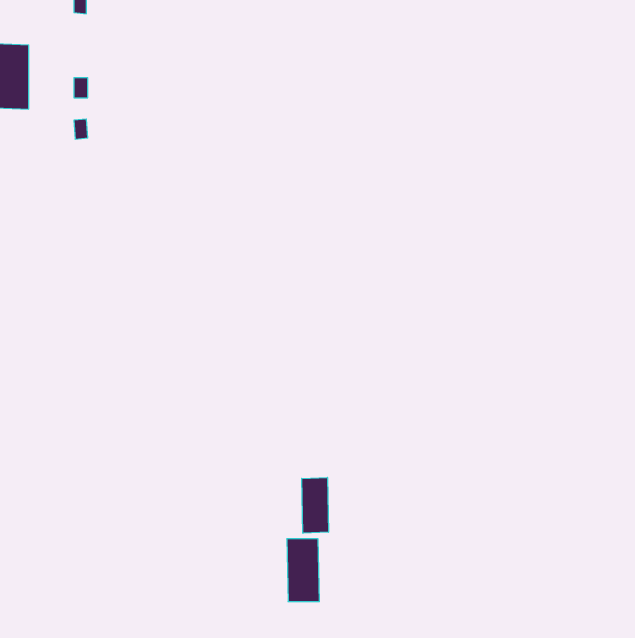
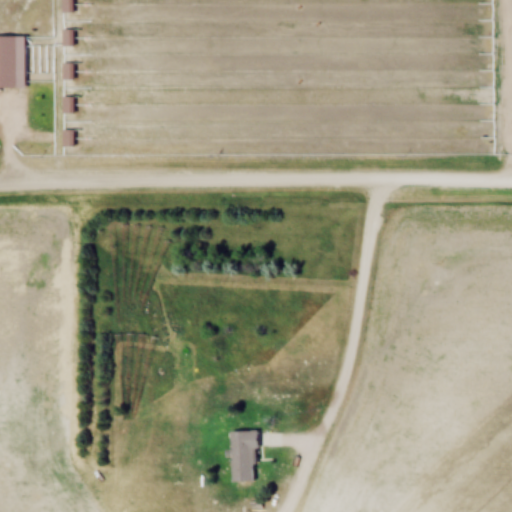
building: [302,477,328,533] -> none

